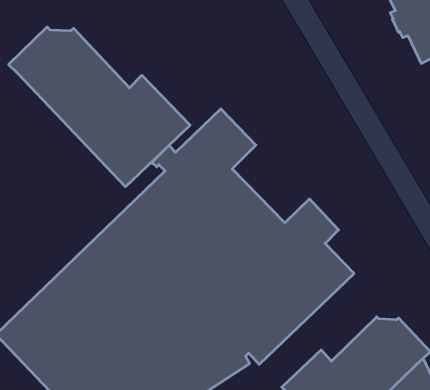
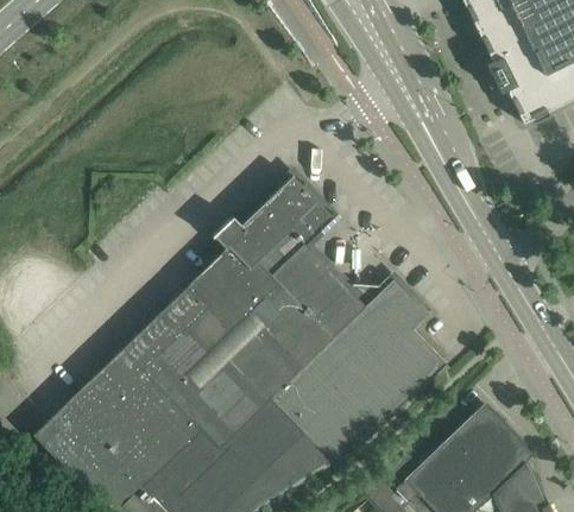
building: [9,27,190,187] -> none

